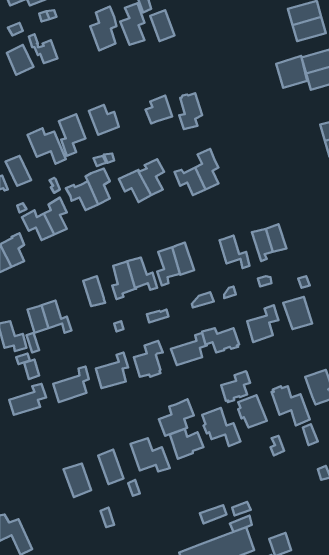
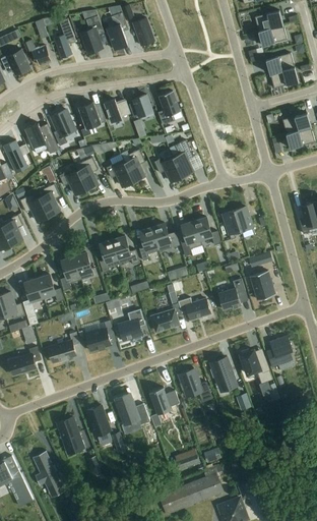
building: none -> [54,18,76,58]
building: [276,56,307,88] -> none
building: none -> [104,99,131,122]
building: none -> [181,221,202,255]
building: none -> [60,256,81,290]
building: [221,371,250,402] -> none
building: [159,399,194,436] -> none
building: none -> [34,452,63,491]

